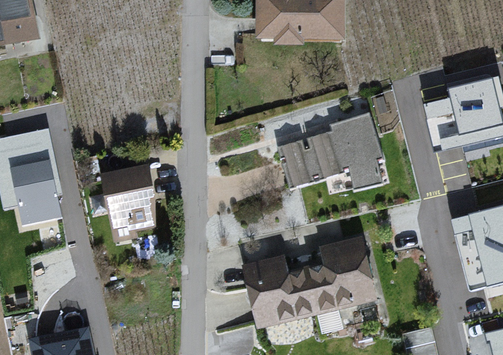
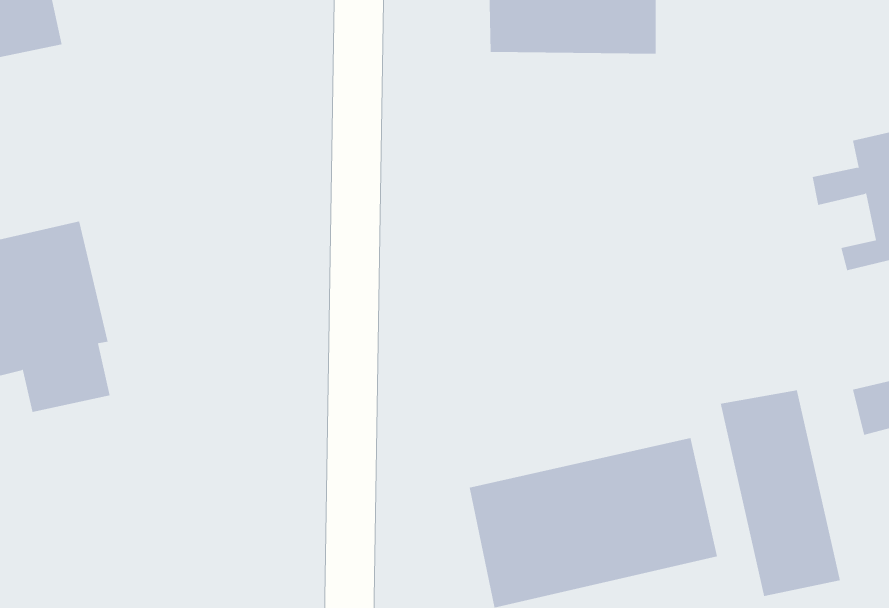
building: [279,111,385,190] -> none
building: [102,165,159,230] -> none
building: none -> [720,389,841,597]

